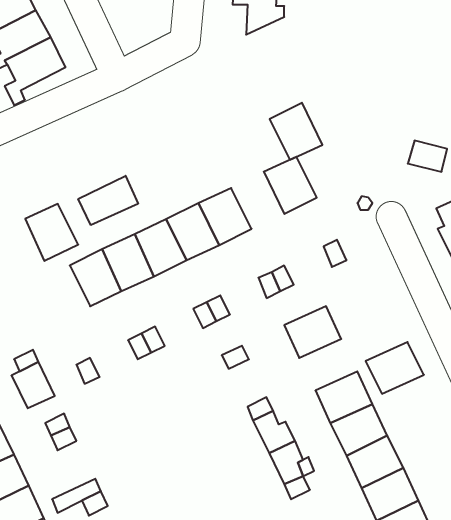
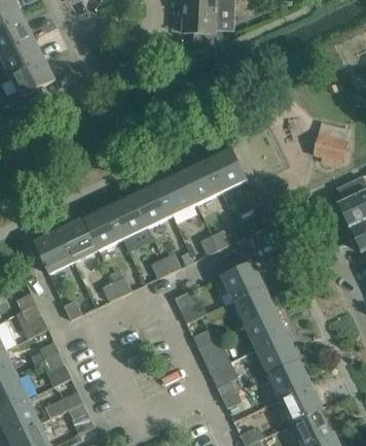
building: [270,103,322,160] -> [181,159,221,202]
building: [78,176,138,225] -> none
building: [25,204,78,261] -> [34,230,74,273]
building: [366,342,424,394] -> [232,285,277,324]

